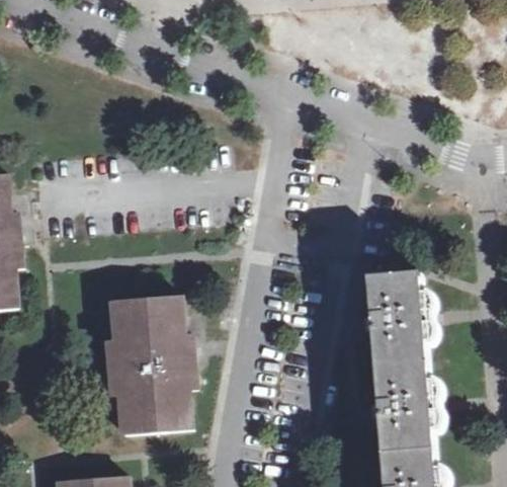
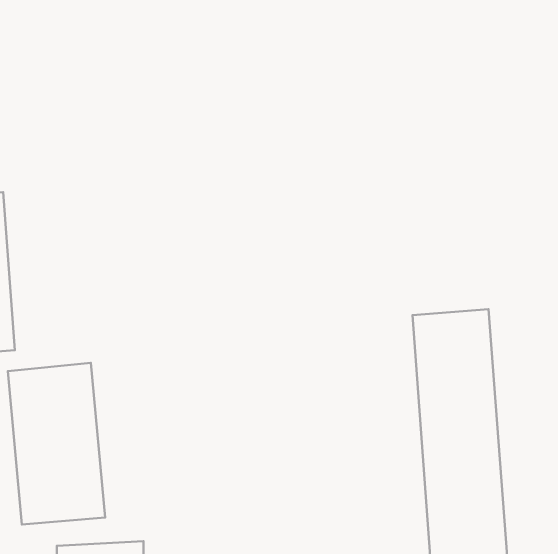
building: [108,296,192,435] -> [8,363,105,525]

